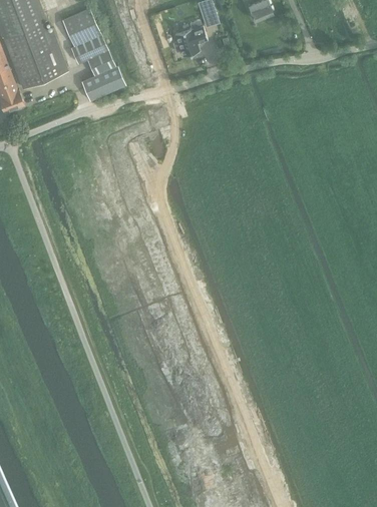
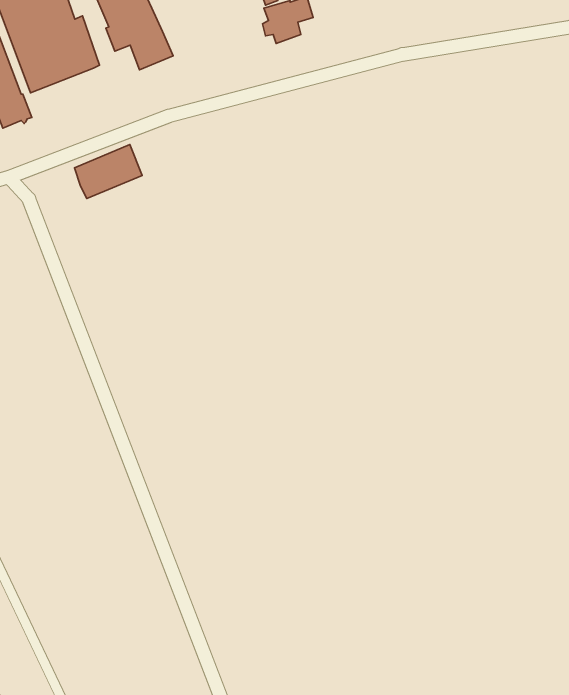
building: [81,65,125,100] -> [74,145,142,198]

